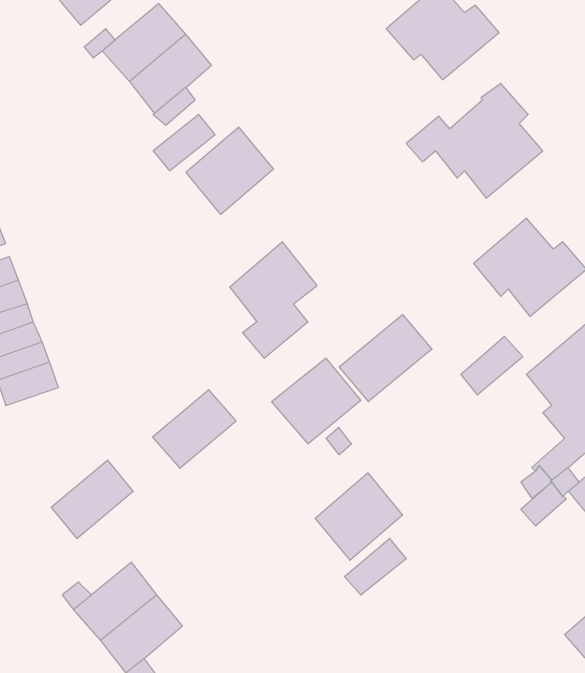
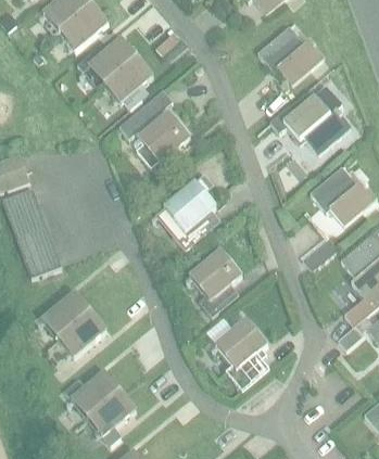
building: [339,314,432,402] -> none
building: [152,390,236,468] -> [41,291,91,337]

